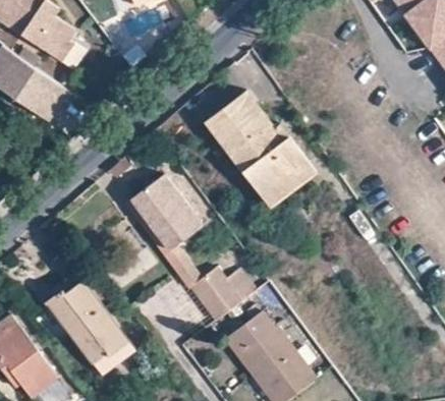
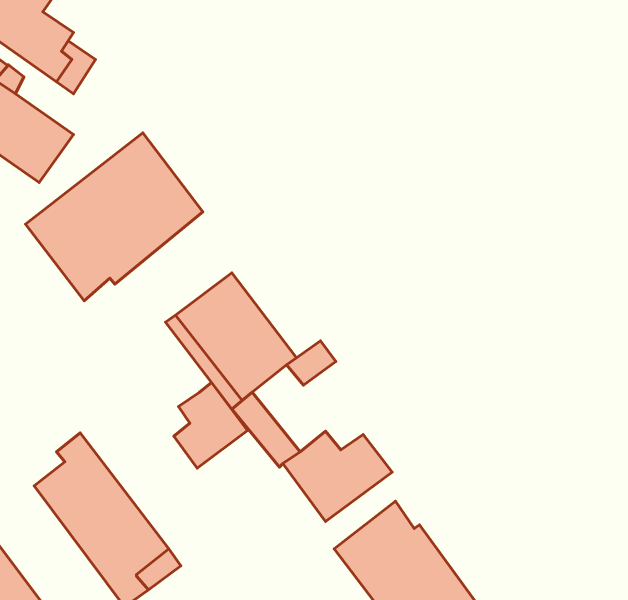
building: none -> [25,133,203,301]
building: [206,91,315,207] -> none
building: none -> [174,383,248,468]

